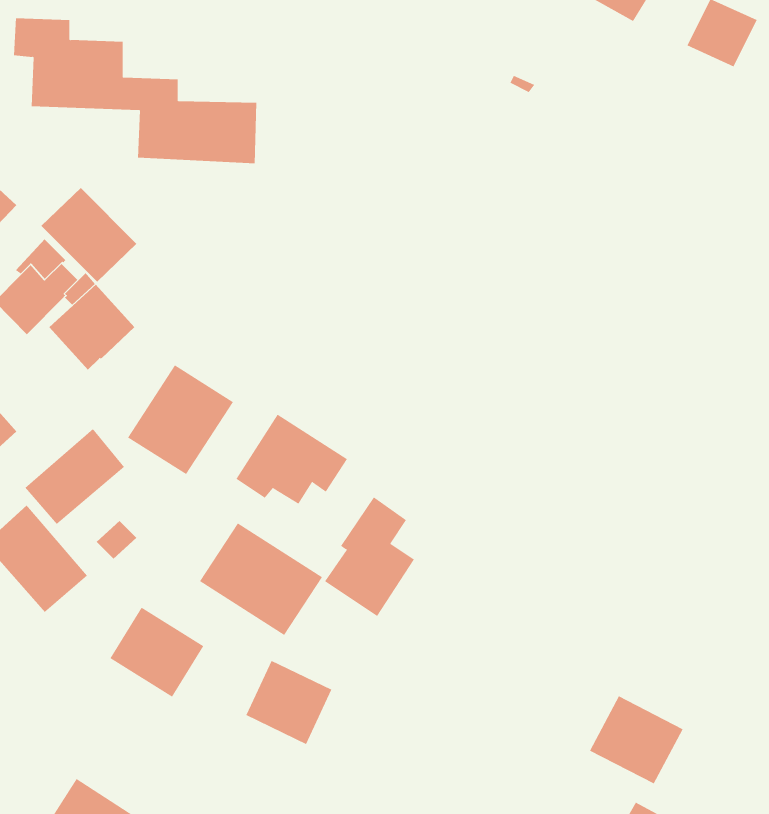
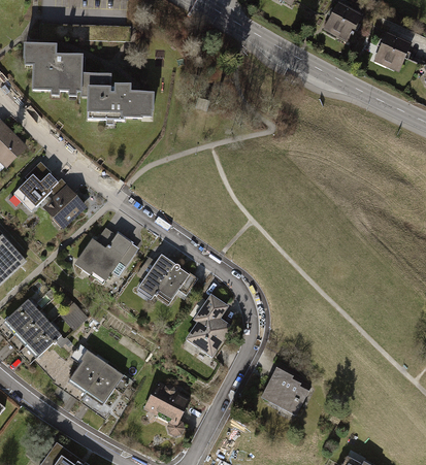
building: [41,187,137,282] -> none
building: [24,428,125,525] -> none
building: [199,522,323,636] -> none
building: [589,696,684,784] -> [263,366,313,412]

